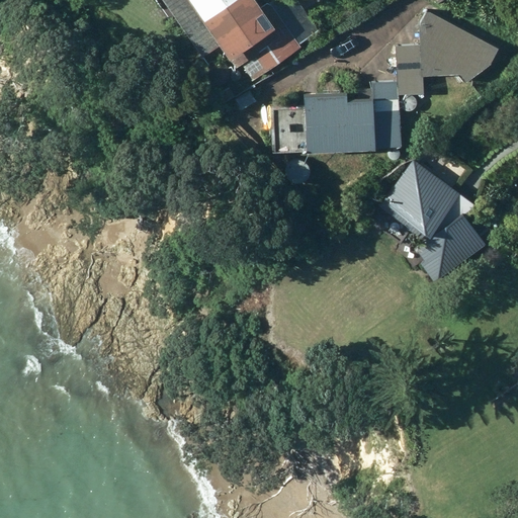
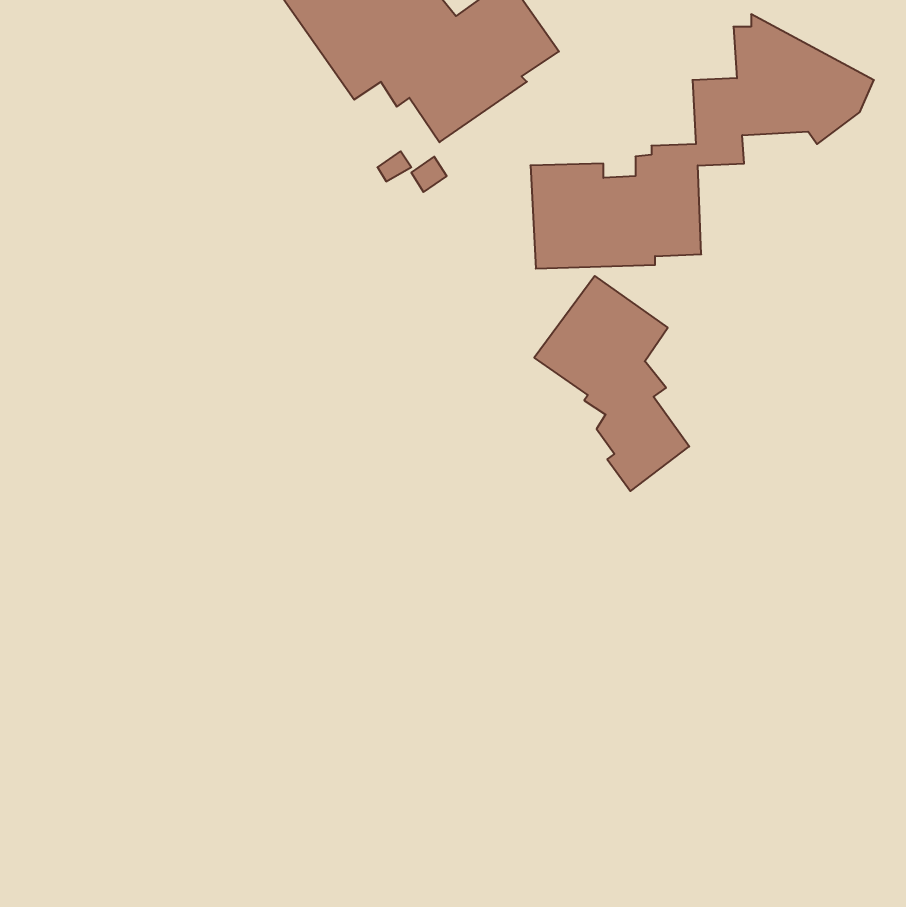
building: [379,159,467,281] -> [534,276,689,491]

